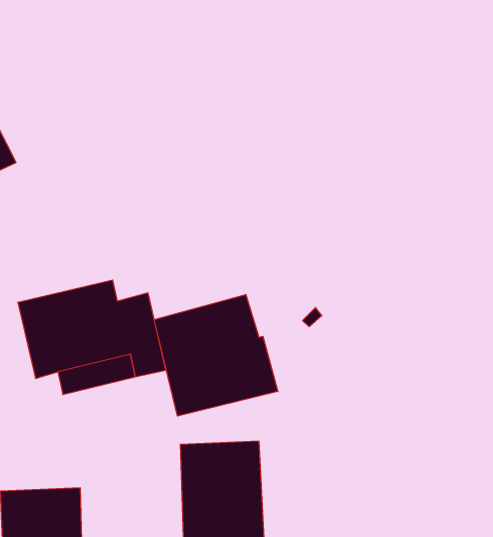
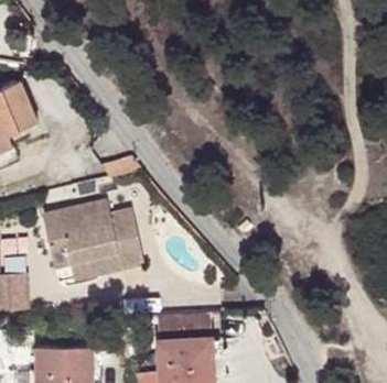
building: [154,294,278,416] -> none

